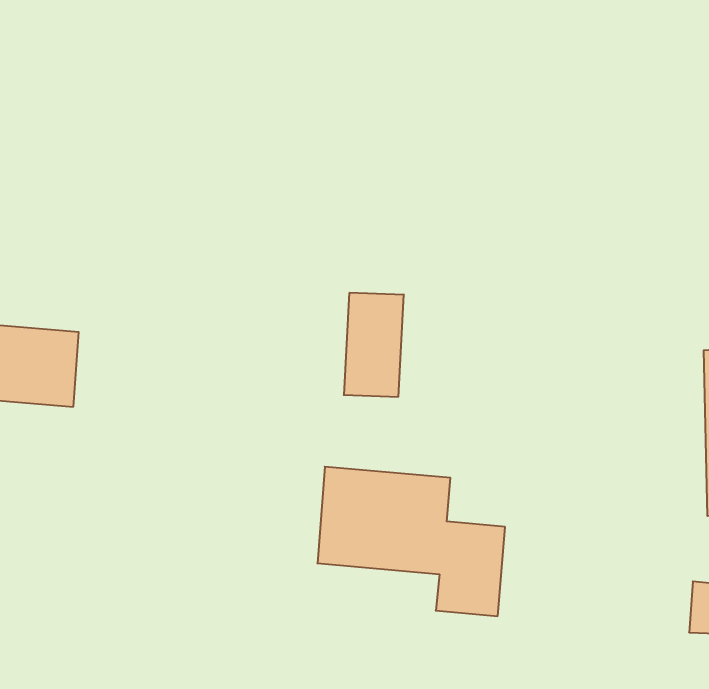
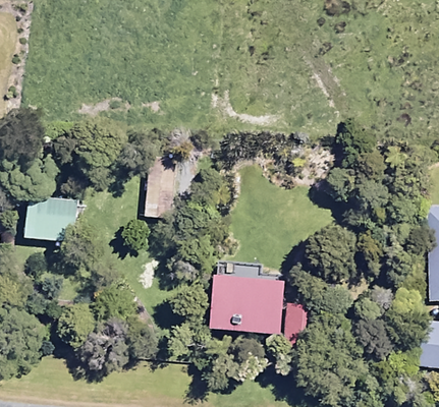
building: [344,293,404,397] -> [142,160,175,218]

